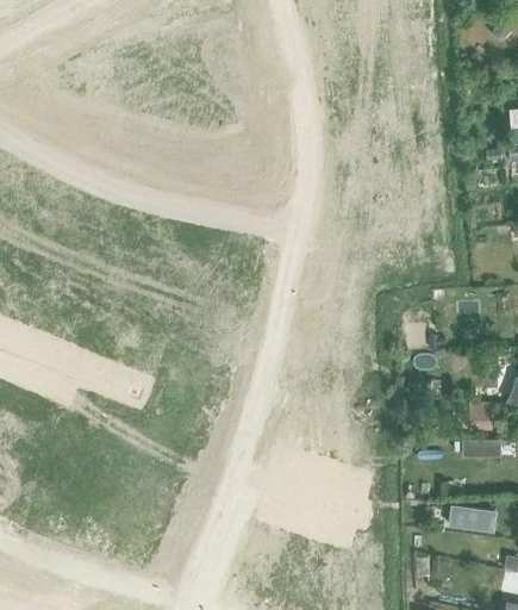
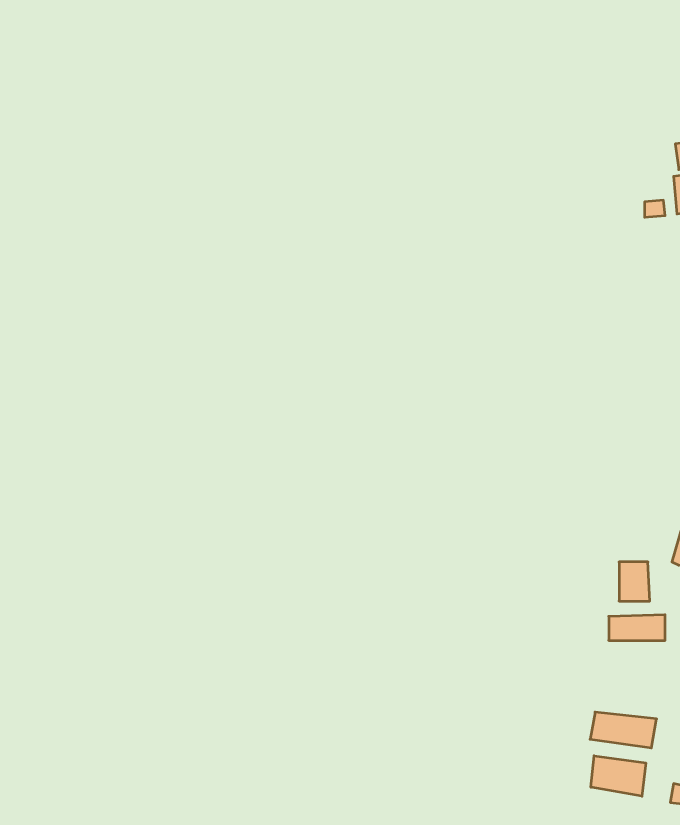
building: none -> [591,756,646,796]

